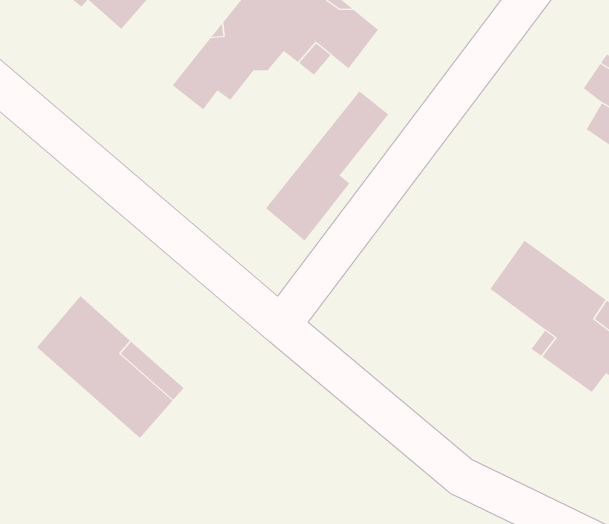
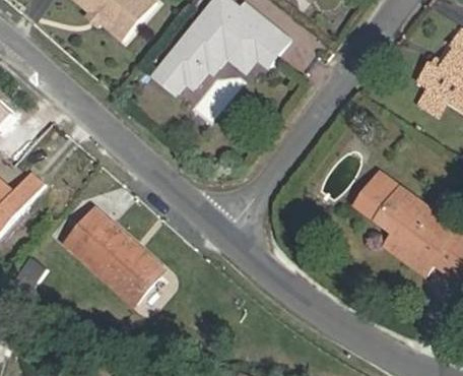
building: [265,91,389,241] -> none

